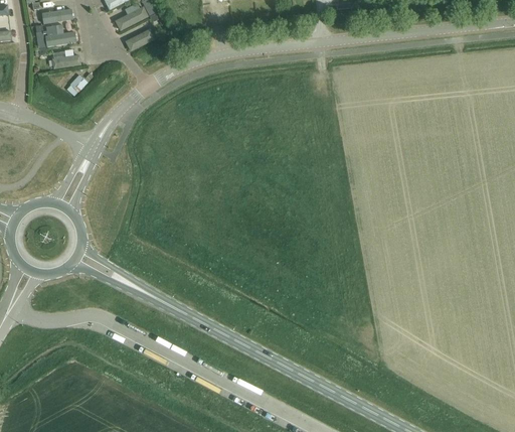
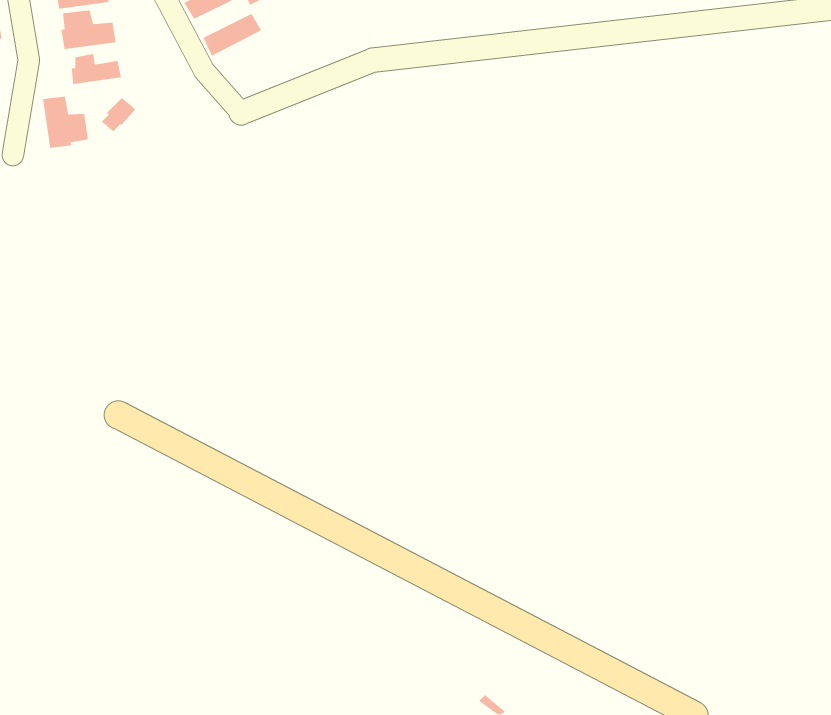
building: none -> [42,96,89,149]

